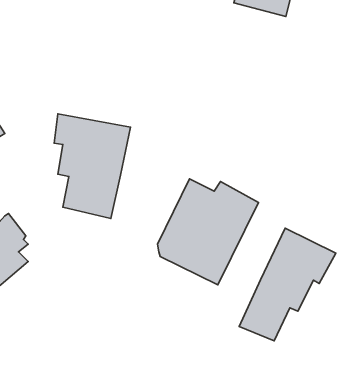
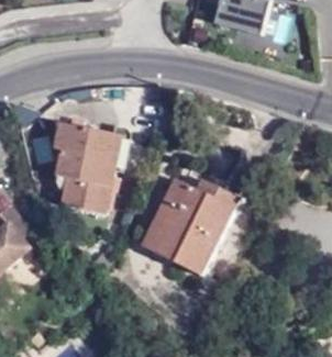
building: [239,228,336,341] -> none

